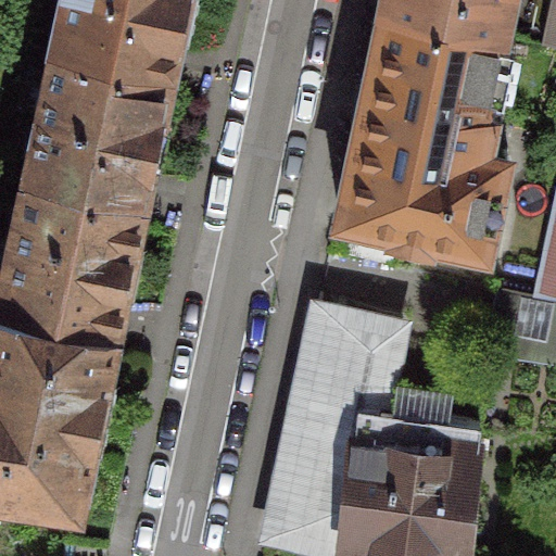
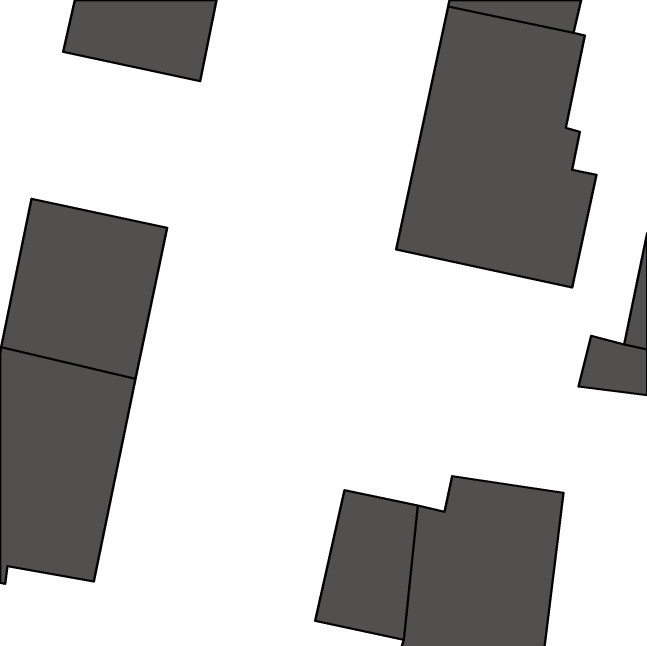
building: [27,46,172,197] -> none
building: [295,305,406,440] -> none

